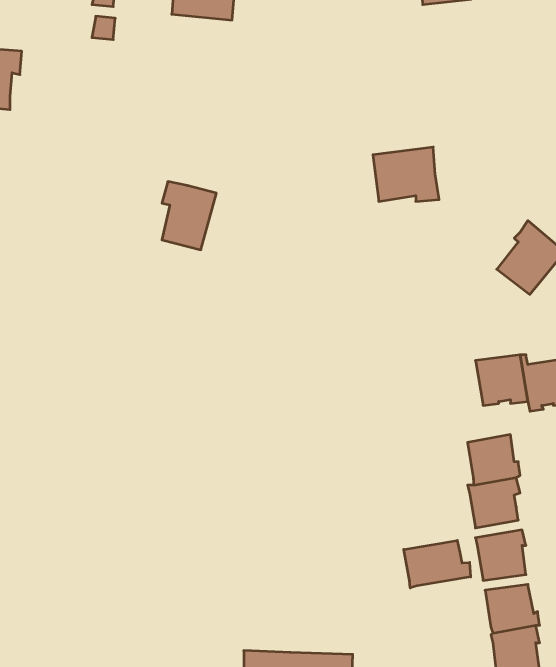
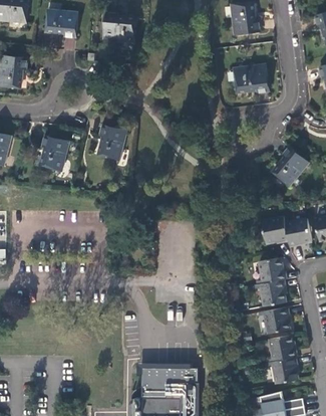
building: [373,147,439,201] -> [234,63,268,91]
building: none -> [41,135,68,170]
building: [404,540,471,588] -> none

